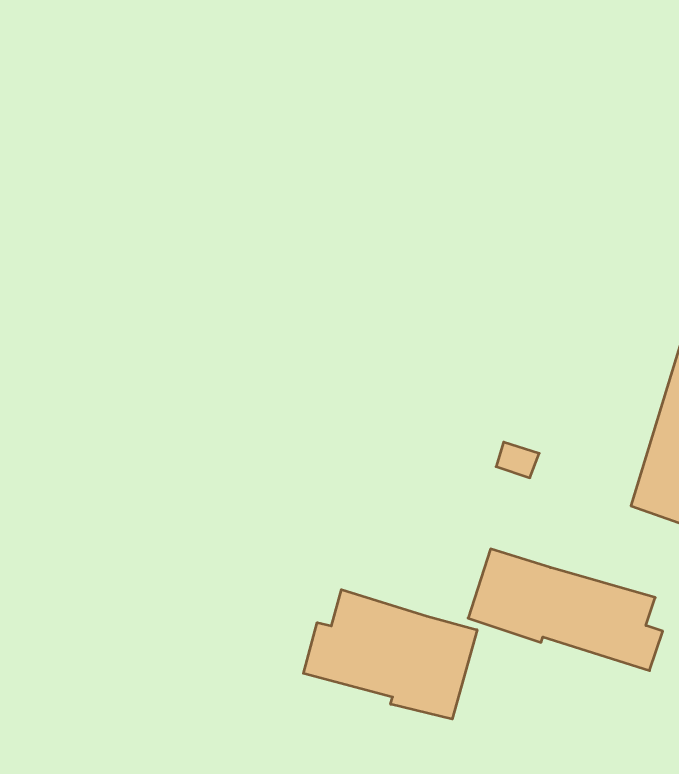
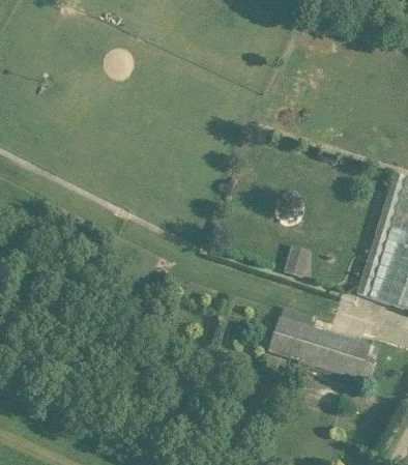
building: [303,590,477,719] -> none

